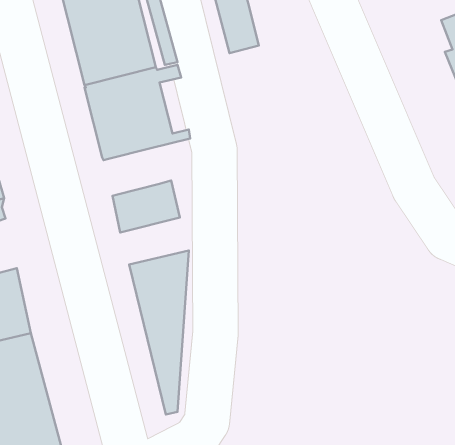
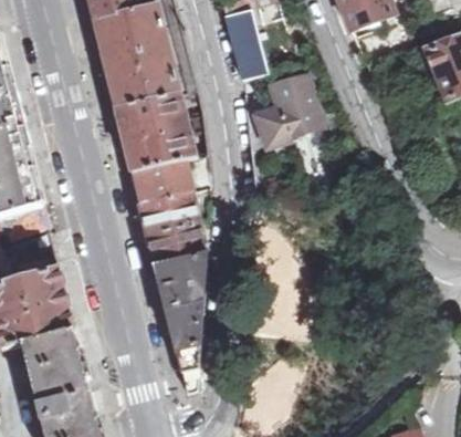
building: none -> [254,74,321,148]
building: none -> [136,164,179,204]
building: none -> [146,223,206,264]

